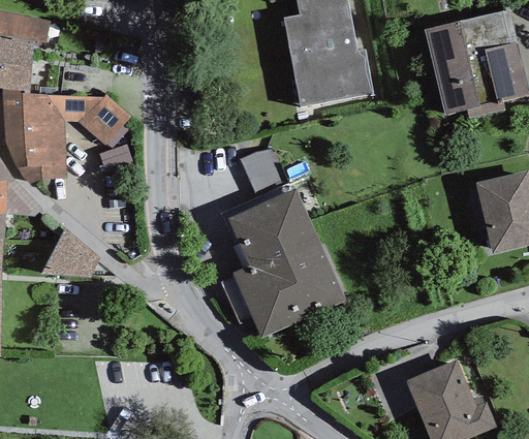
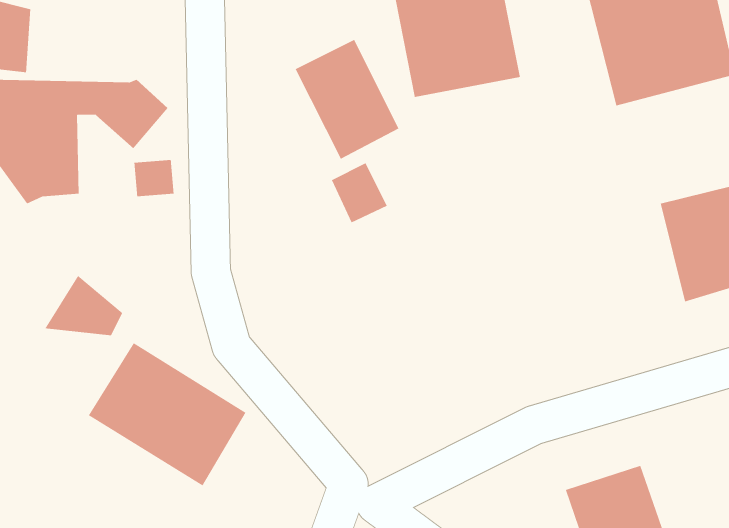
building: none -> [295,39,399,160]
building: [224,187,345,339] -> none
building: none -> [88,342,247,487]

